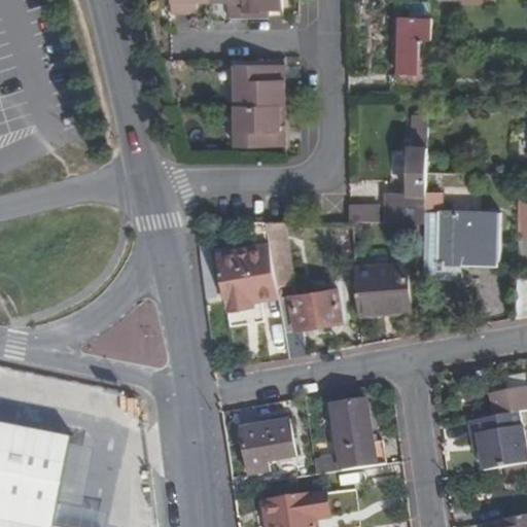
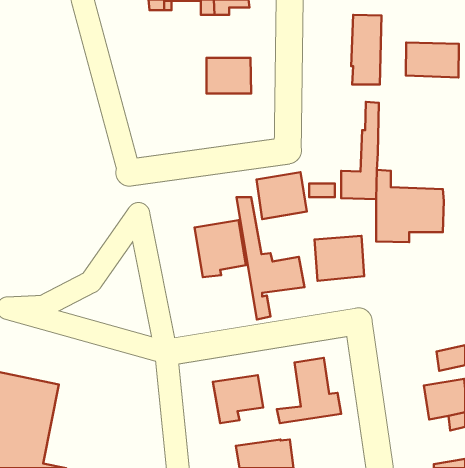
building: none -> [406,43,459,78]
building: [232,105,282,146] -> none
building: none -> [257,172,307,219]

